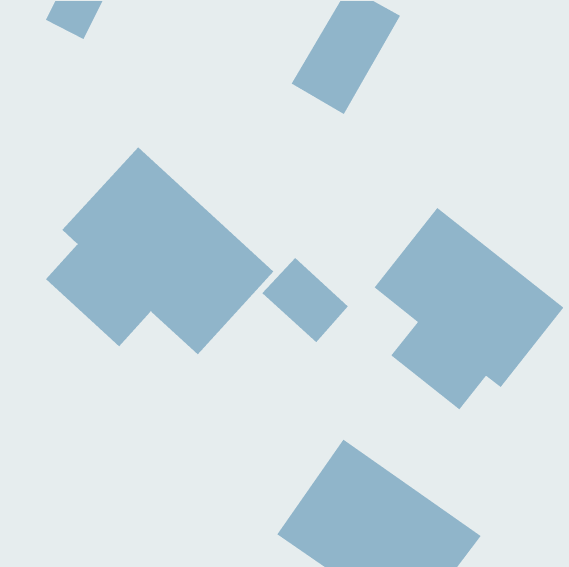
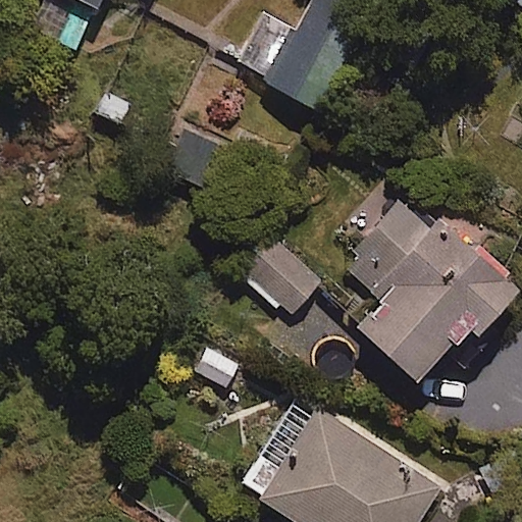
building: [45,146,274,355] -> none

